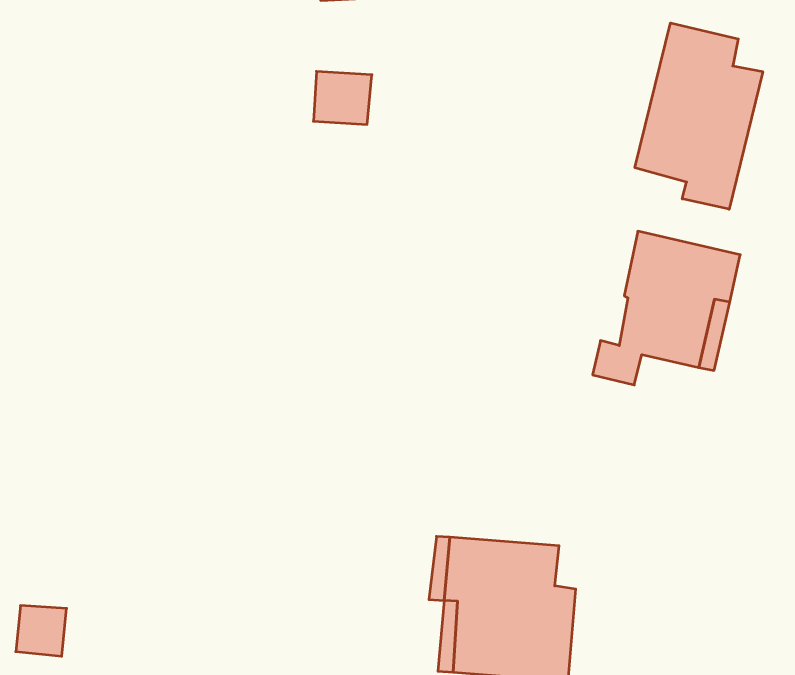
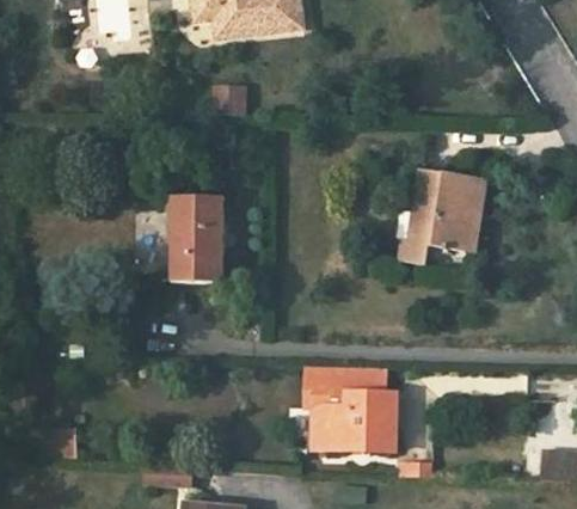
building: [635,23,763,209] -> none
building: none -> [170,197,221,282]

